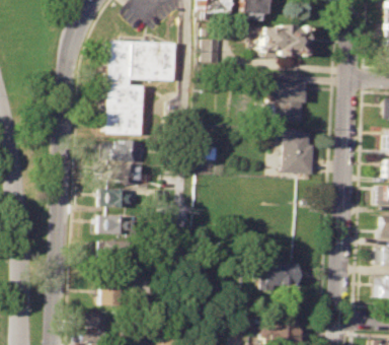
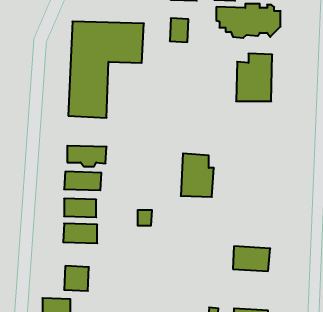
building: [284,131,316,174] -> [181,153,214,197]
building: [103,139,146,161] -> none

